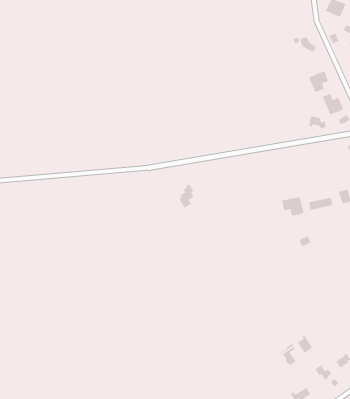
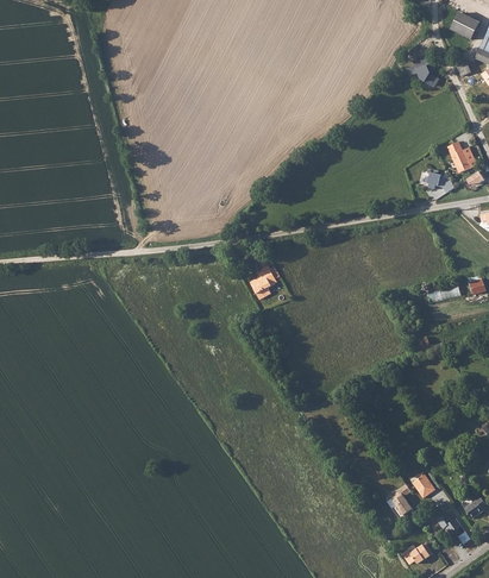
building: [308,71,329,93] -> none
building: [281,196,304,217] -> none

